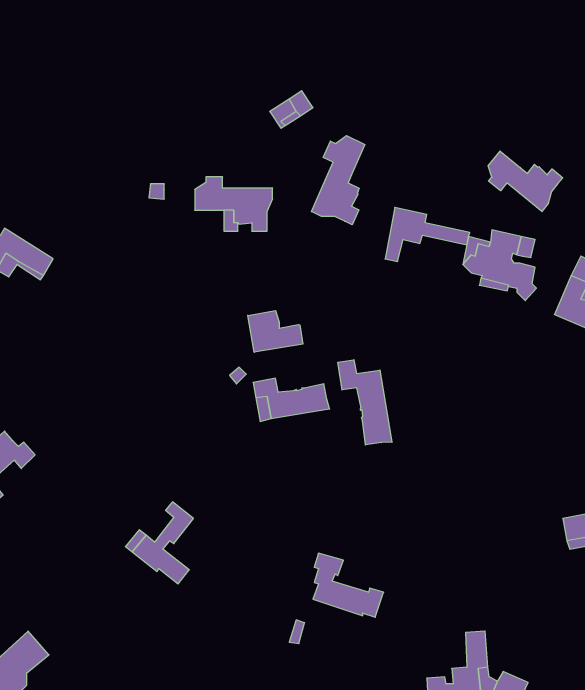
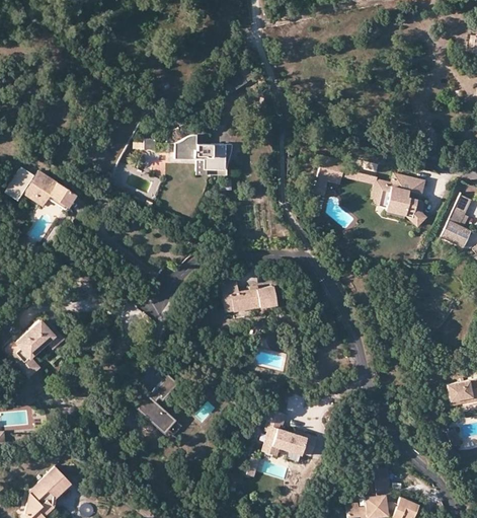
building: [311,136,365,225] -> none
building: [488,151,563,212] -> none
building: [248,311,303,352] -> none
building: [338,360,392,445] -> none

